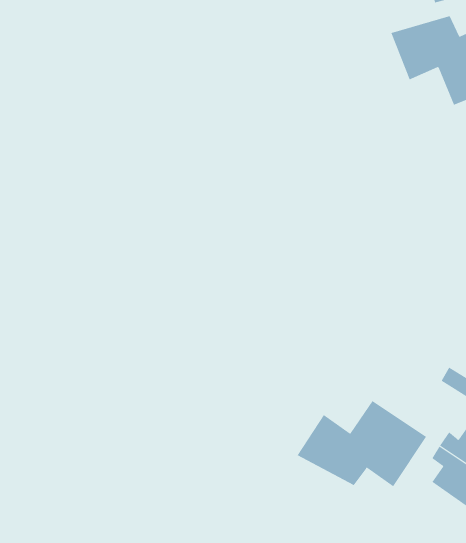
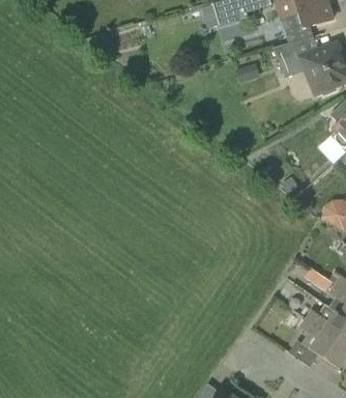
building: [297,400,427,487] -> none

